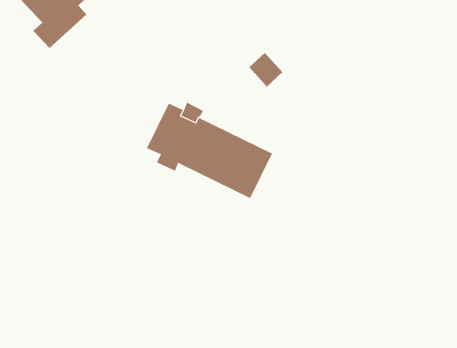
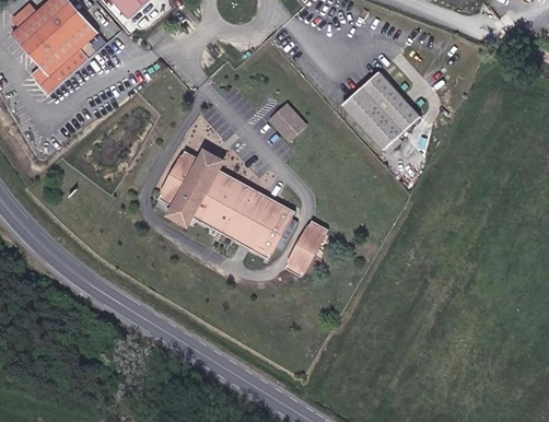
building: none -> [341,67,419,145]
building: none -> [289,218,329,276]

